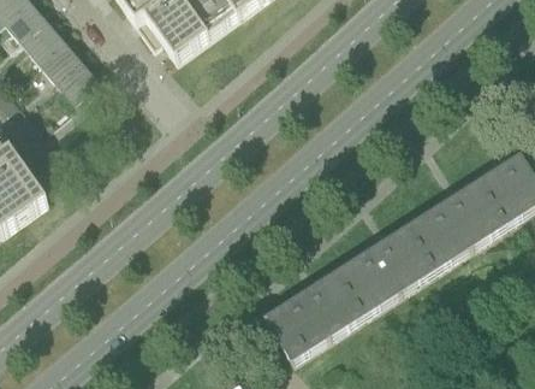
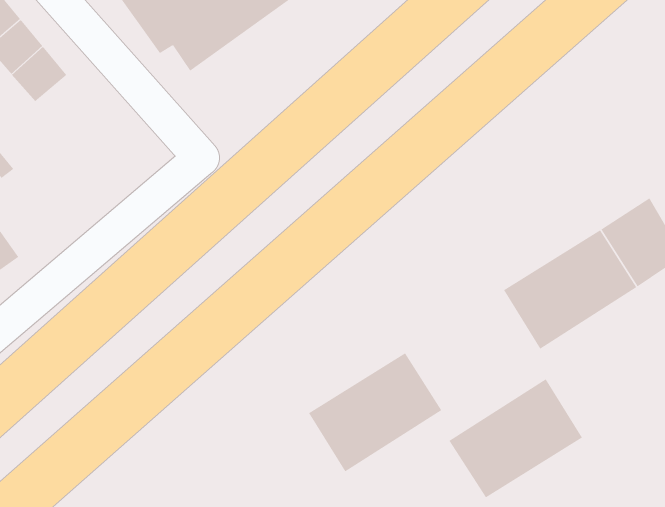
building: [57,63,99,105] -> none
building: [335,225,436,316] -> [449,378,583,498]

